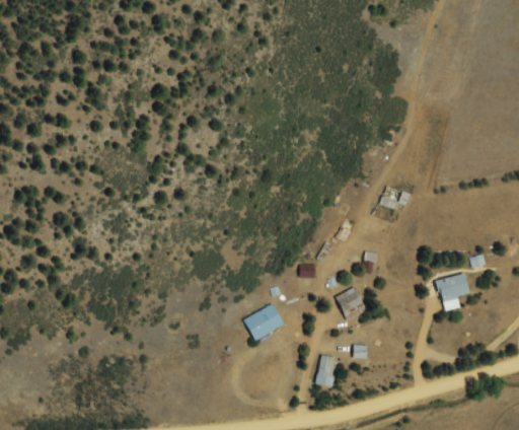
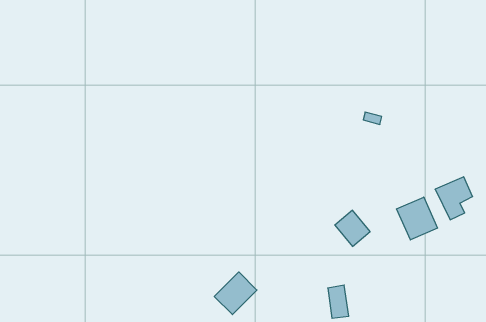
building: none -> [397,197,438,240]
building: [243,302,285,342] -> [214,272,257,315]

